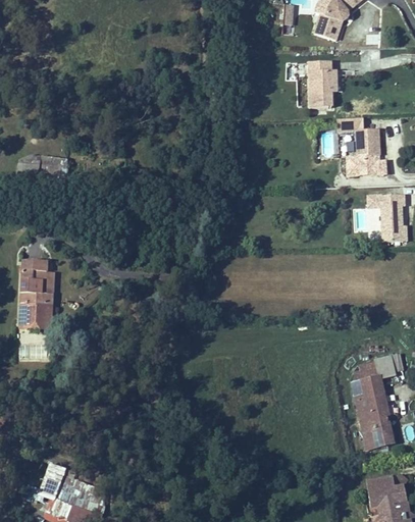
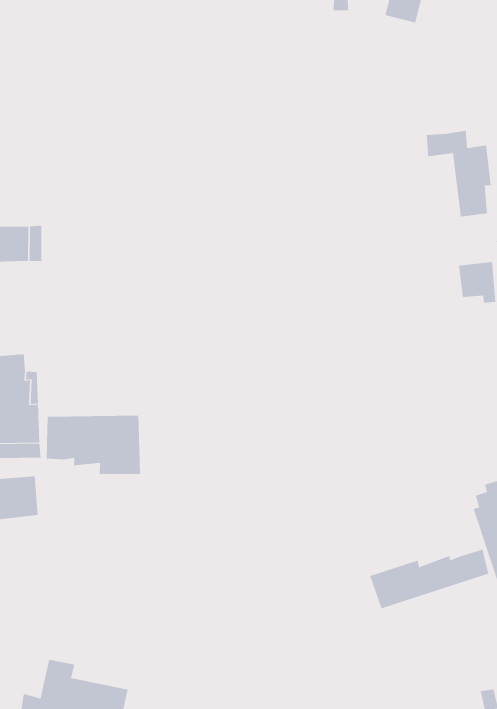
building: [310,60,338,108] -> none
building: none -> [46,415,140,475]
building: none -> [369,549,489,609]

